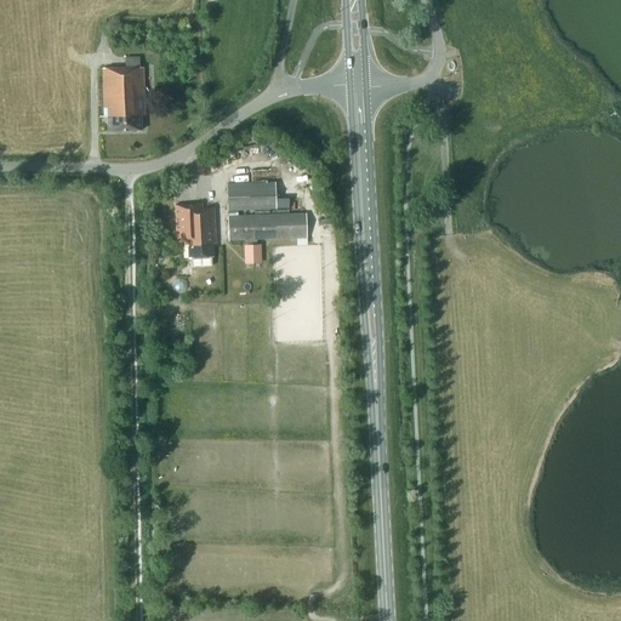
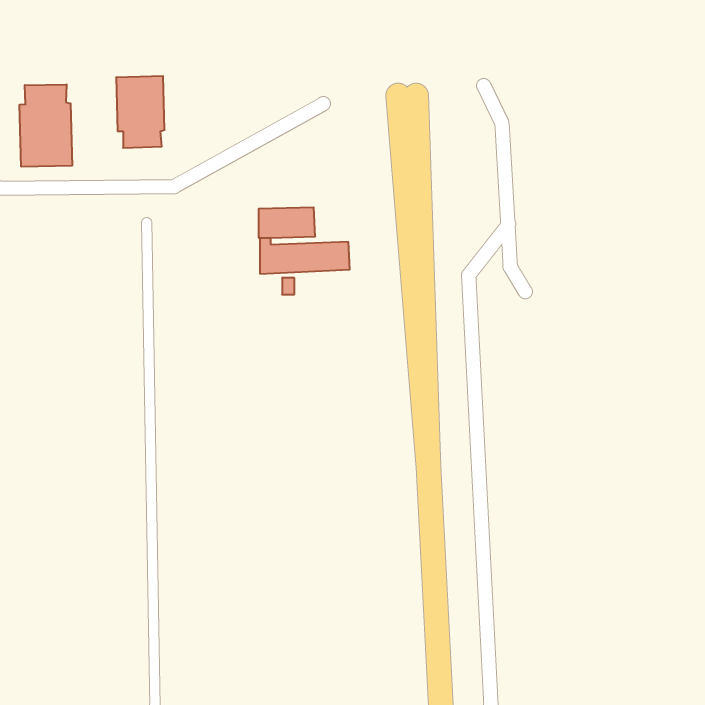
building: none -> [20,84,72,167]
building: [176,203,217,257] -> none

